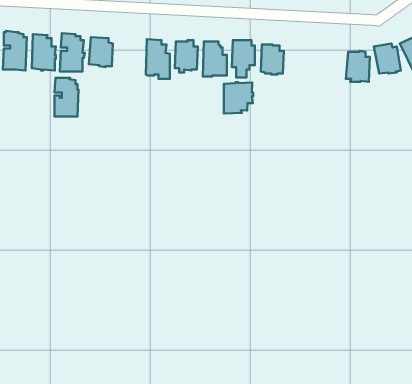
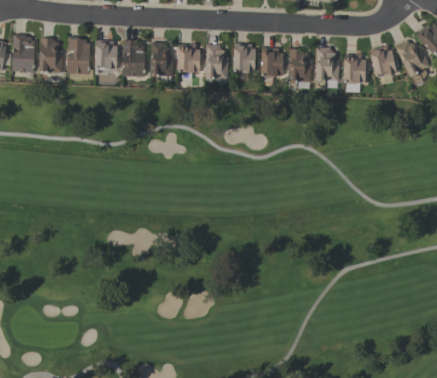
building: none -> [316,47,339,87]
building: none -> [288,49,311,82]
building: [55,78,78,116] -> [123,39,146,76]
building: [224,82,253,113] -> none

